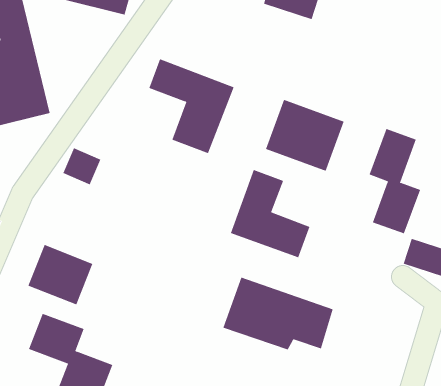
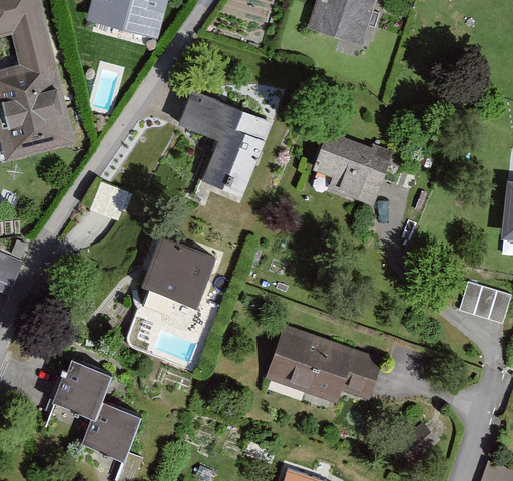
building: [369,128,421,234] -> none
building: [230,169,310,258] -> none
building: [28,244,93,305] -> [149,237,220,304]

